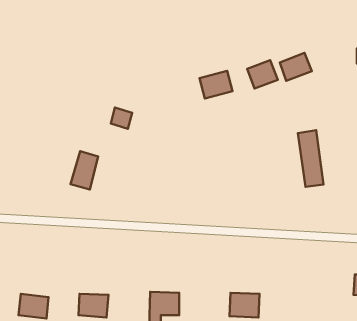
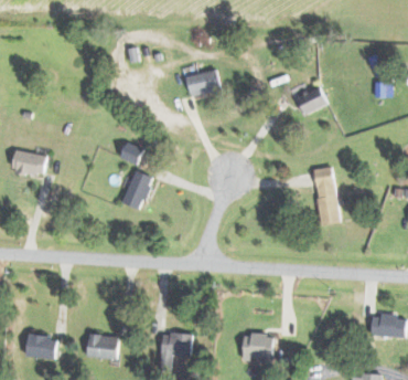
building: [247,60,278,88] -> none
building: [199,71,233,99] -> [185,68,219,97]
building: none -> [12,150,47,176]
building: [70,151,98,190] -> [122,170,151,210]

